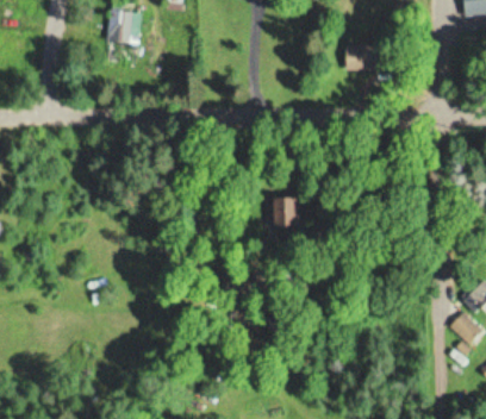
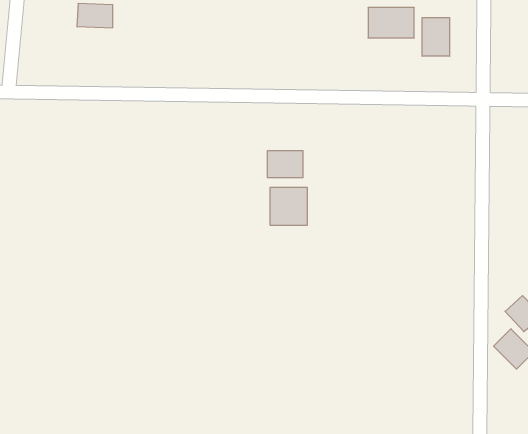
building: none -> [422,18,450,56]
building: none -> [268,151,303,178]

